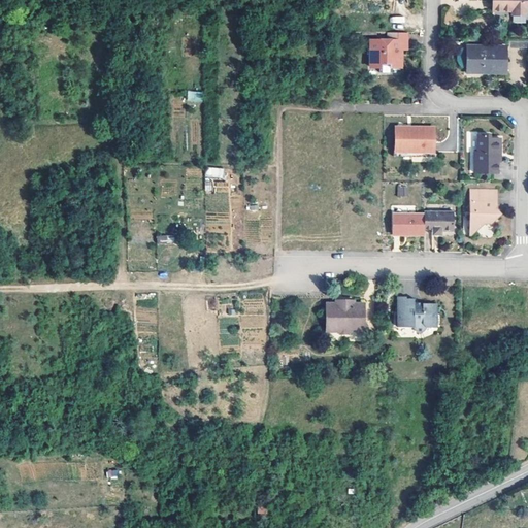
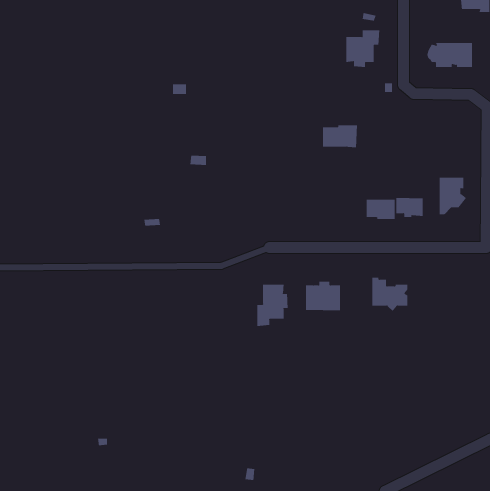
building: [396,127,434,152] -> [322,125,358,148]
building: [470,134,500,172] -> none
building: none -> [257,284,288,327]

